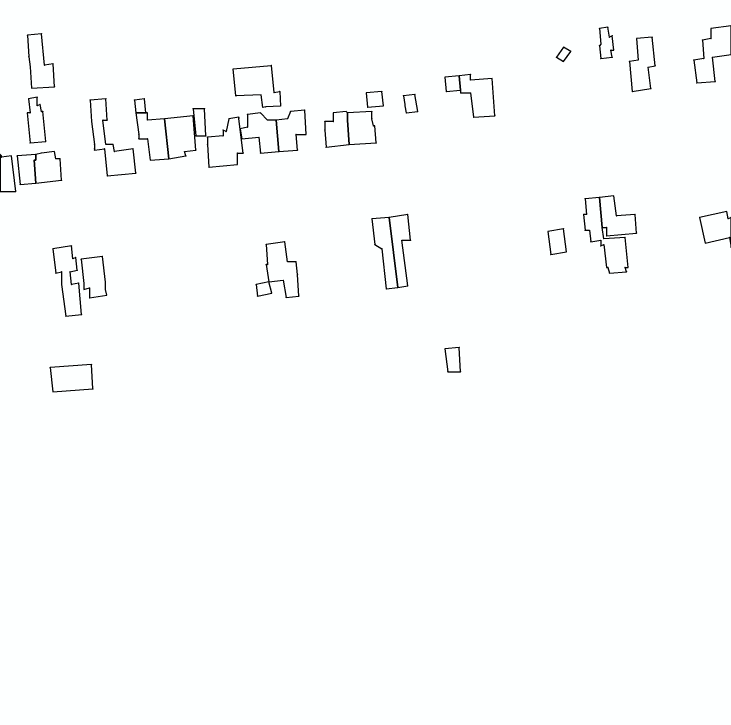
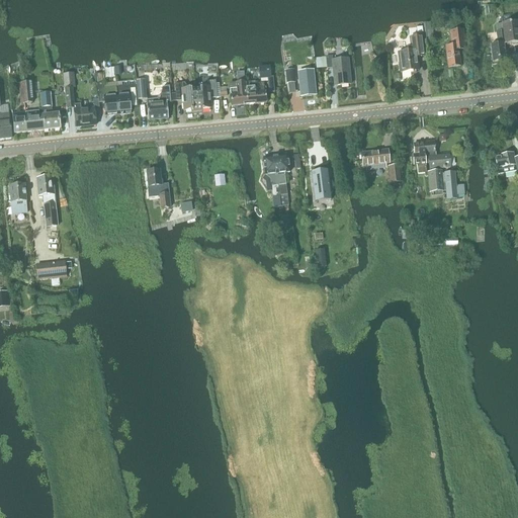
building: [27,34,55,88] -> [40,89,60,127]
building: none -> [398,33,424,70]
building: [233,65,280,107] -> none
building: none -> [298,68,316,94]
building: none -> [361,147,390,167]
building: none -> [311,166,330,198]
building: none -> [444,169,464,197]
building: [266,242,299,297] -> [147,167,170,206]
building: [81,256,107,298] -> [9,181,27,210]

